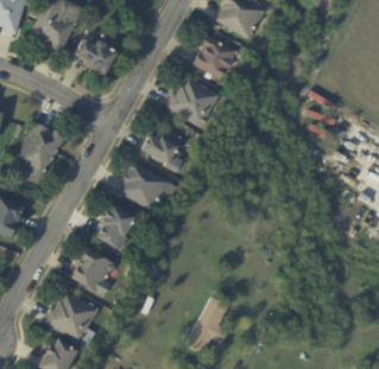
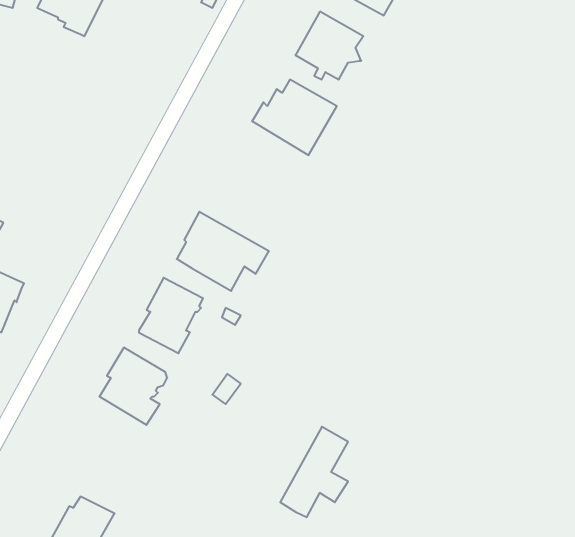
building: [75,39,118,75] -> none
building: [13,122,64,184] -> none
building: [140,129,181,172] -> none
building: [43,293,99,348] -> none

